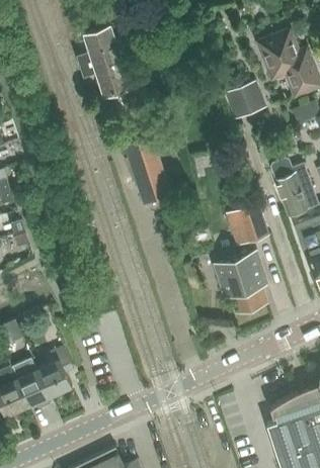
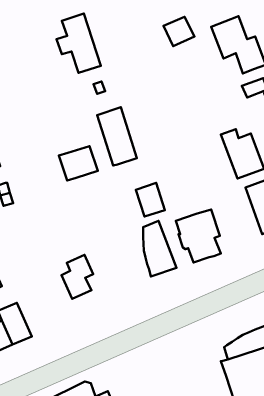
building: [226,84,261,117] -> [163,17,194,46]
building: none -> [59,146,98,180]
building: [225,202,258,241] -> [136,183,165,216]
building: none -> [143,221,176,276]
building: [38,347,75,397] -> [61,255,93,299]

